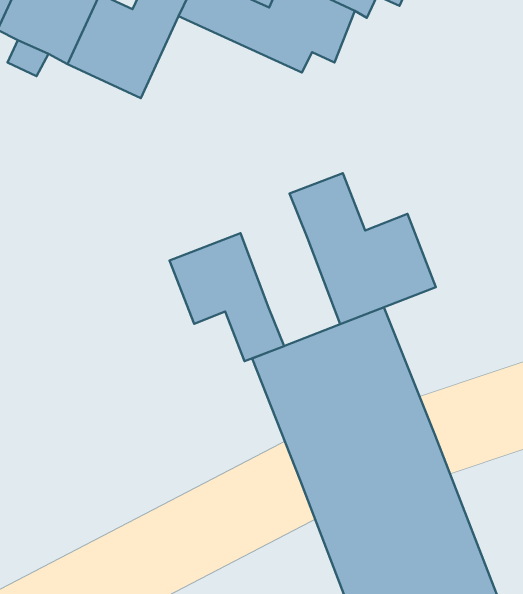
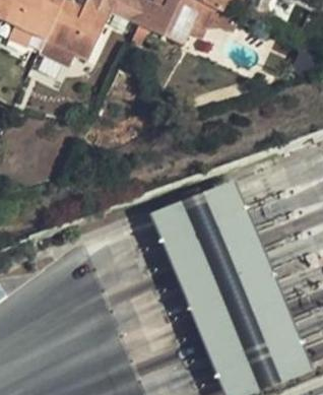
building: [290,173,436,324] -> none
building: [170,233,284,361] -> none

